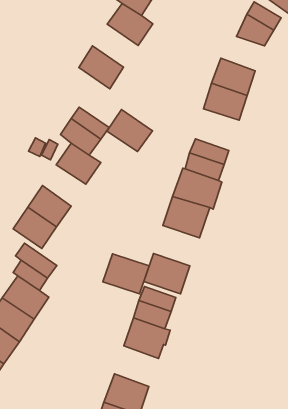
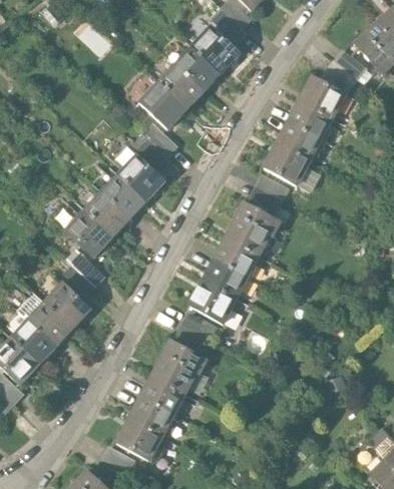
building: none -> [175,46,221,91]
building: none -> [300,75,345,116]
building: none -> [262,145,308,185]
building: [107,109,152,152] -> [140,84,185,128]
building: none -> [103,176,146,219]
building: [103,254,149,294] -> [202,254,250,298]
building: none -> [143,366,189,410]

